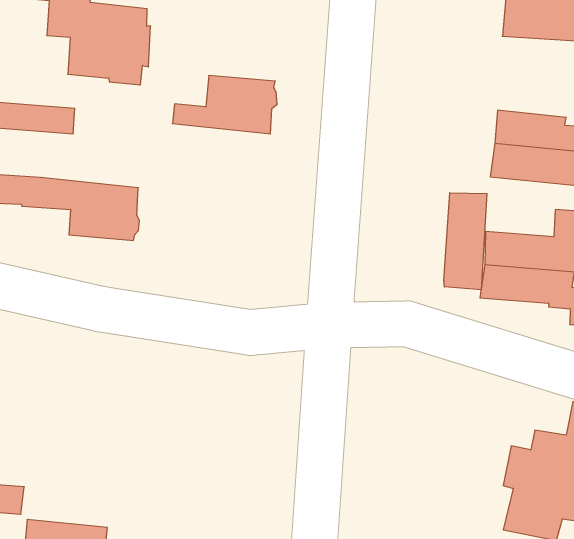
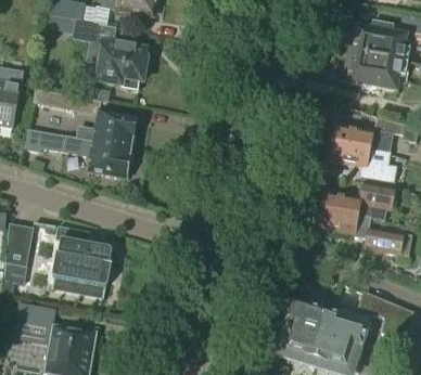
building: [172,76,277,134] -> [76,112,136,147]
building: [444,193,487,290] -> none
building: none -> [51,225,111,298]
building: none -> [277,298,326,358]

